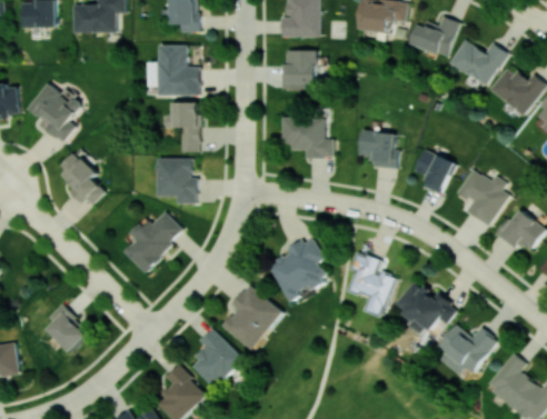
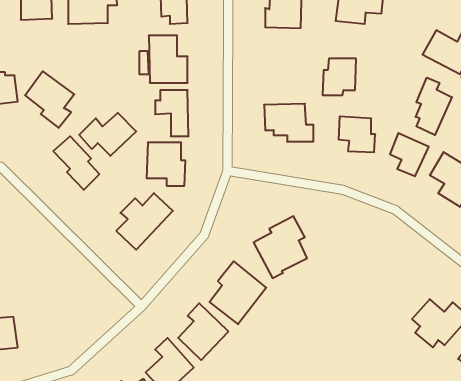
building: [408,16,458,57] -> none
building: [280,50,316,89] -> [323,59,356,95]
building: none -> [416,78,452,135]
building: none -> [79,113,136,156]
building: [348,251,397,318] -> none
building: [395,280,457,336] -> none
building: [46,303,89,352] -> none

